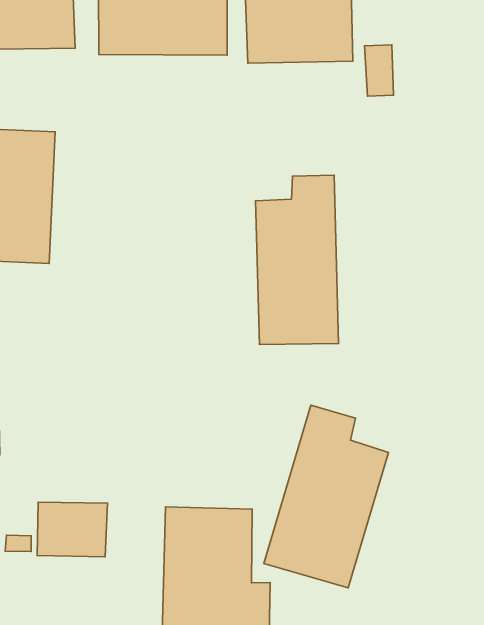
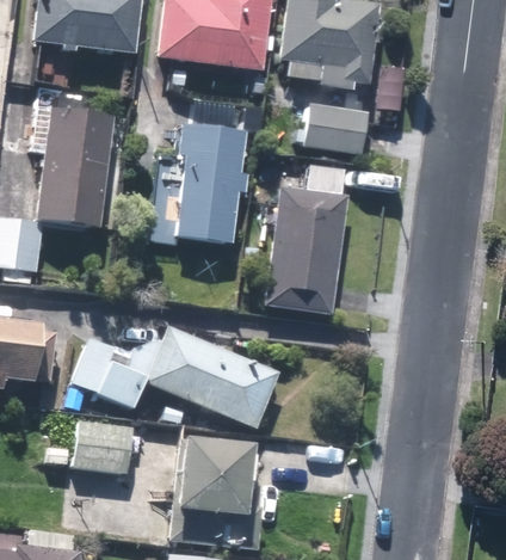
building: none -> [302,106,369,159]
building: none -> [174,101,263,245]
building: none -> [70,327,277,427]
building: [264,405,389,588] -> none

